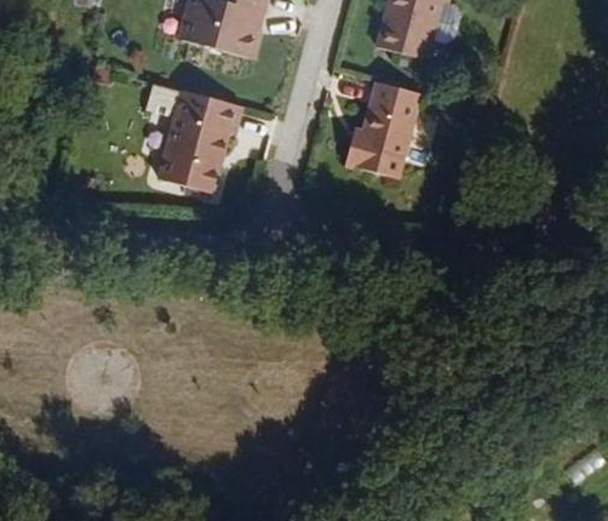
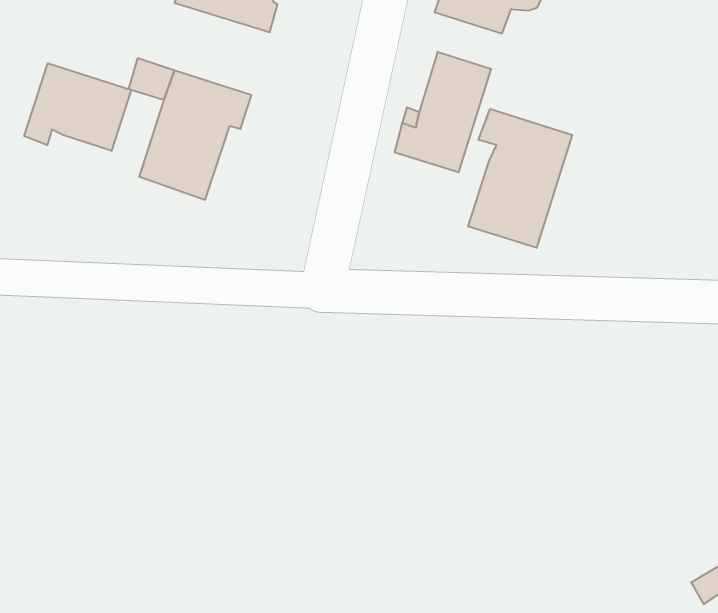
building: none -> [24,63,131,151]
building: none -> [468,109,572,248]

